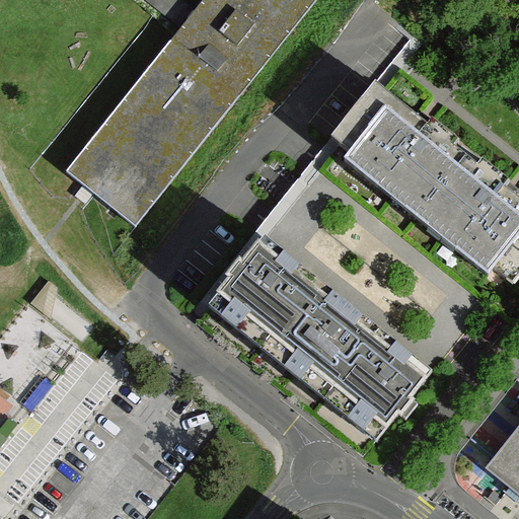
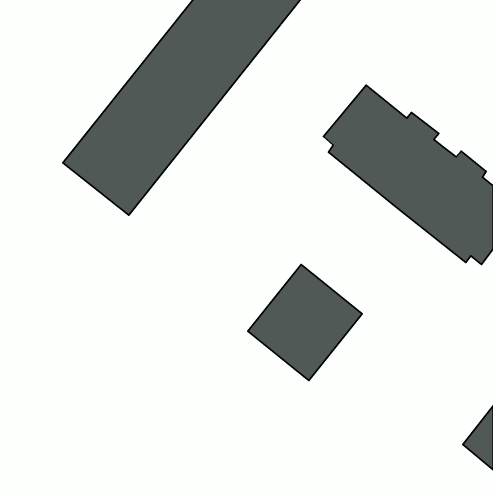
building: [208,235,315,347] -> none
building: [323,328,433,440] -> none

